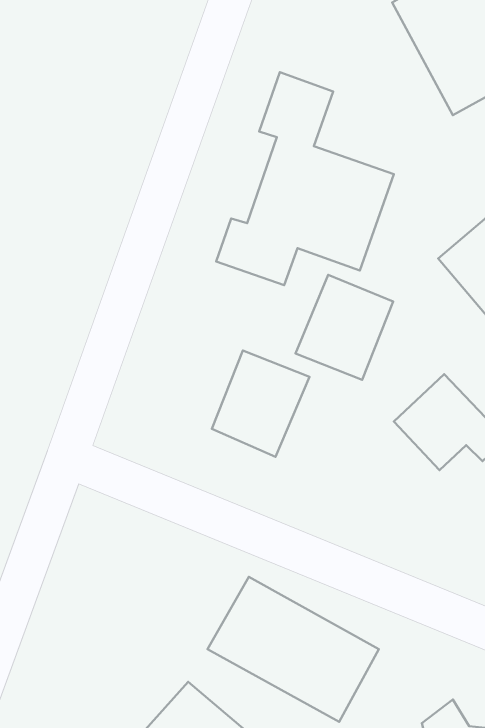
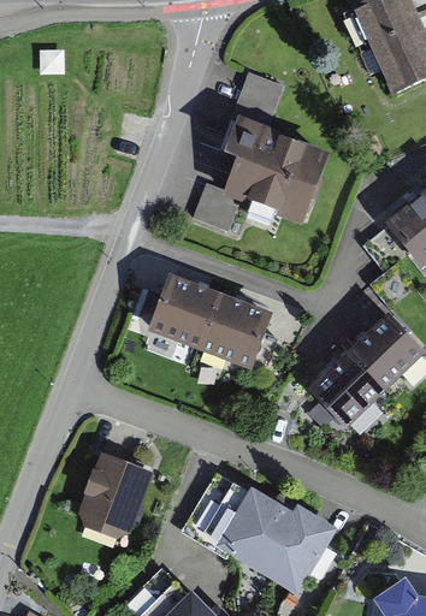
building: [296,275,393,380] -> [141,273,220,359]
building: none -> [307,353,380,425]
building: none -> [73,455,149,537]

